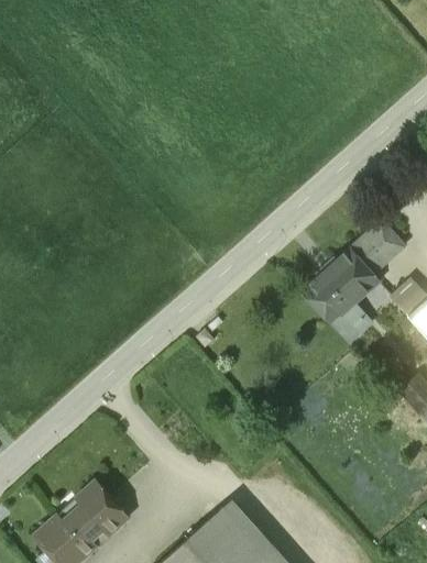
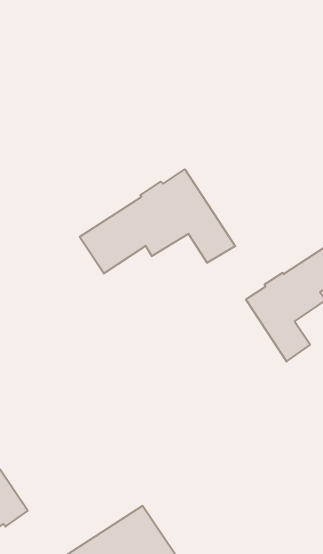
building: none -> [80,169,235,274]

